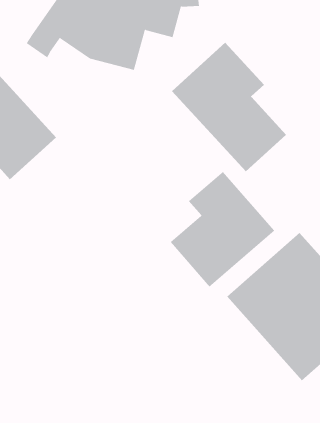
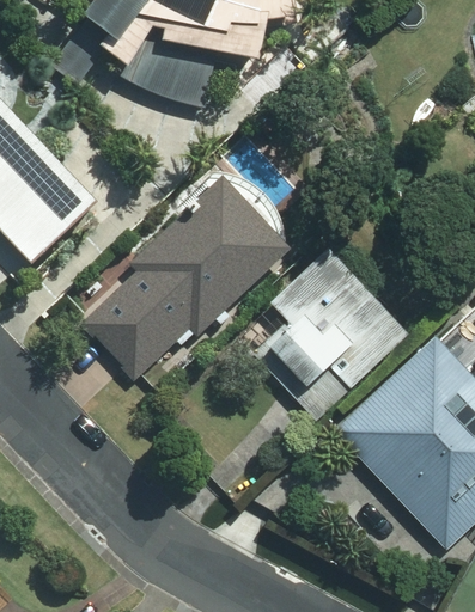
building: [171,42,287,172] -> none
building: none -> [74,172,299,388]

